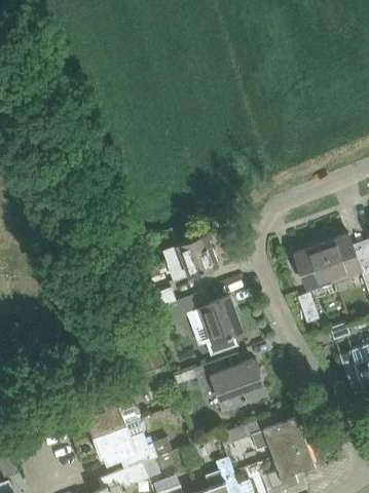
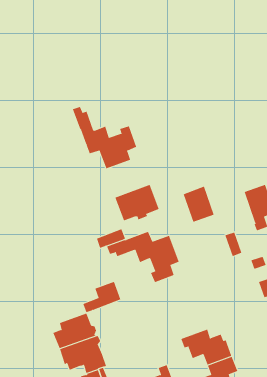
building: none -> [72,106,137,169]
building: [295,244,334,290] -> [183,186,215,222]
building: [175,359,259,408] -> none

